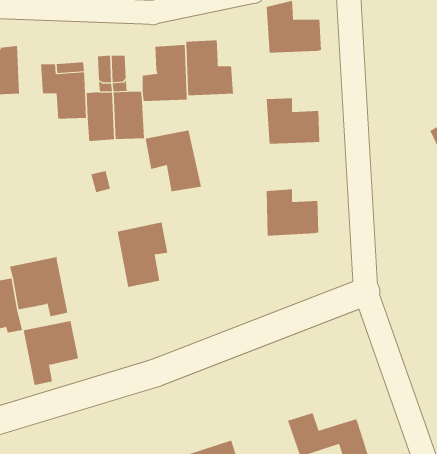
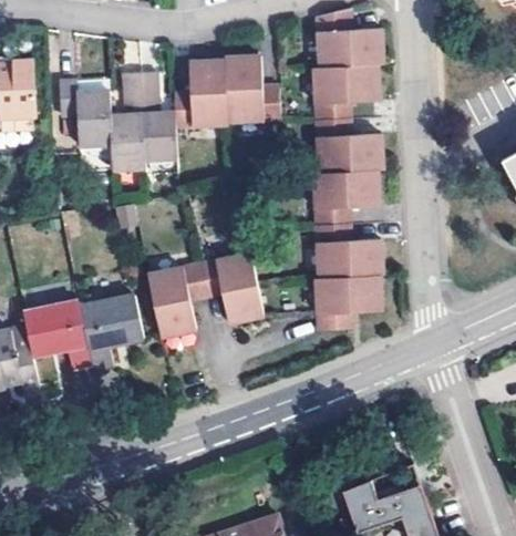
building: none -> [313,68,375,122]
building: [145,130,202,192] -> [198,252,264,323]
building: none -> [313,172,375,227]
building: none -> [316,276,374,330]
building: [23,321,79,385] -> [79,295,143,369]

